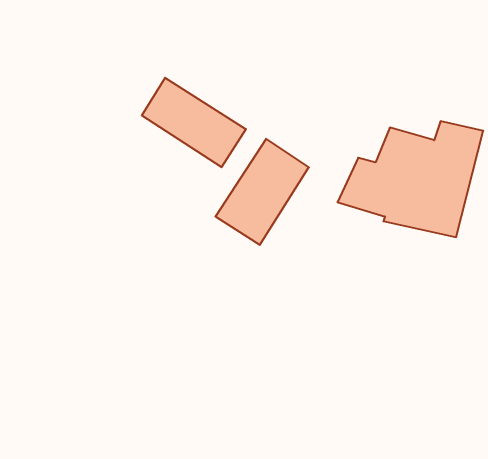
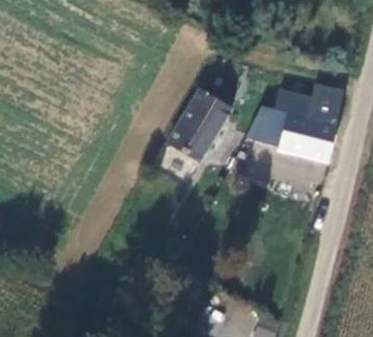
building: [142,78,246,167] -> none

